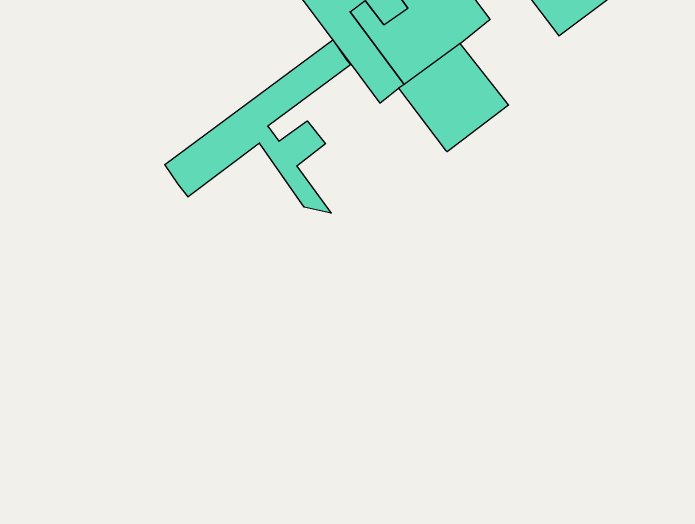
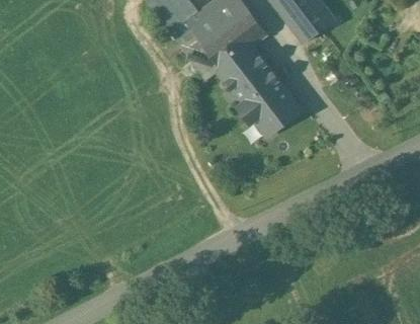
building: [165,40,350,213] -> none
building: none -> [238,79,300,135]

